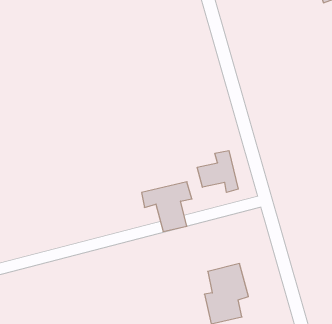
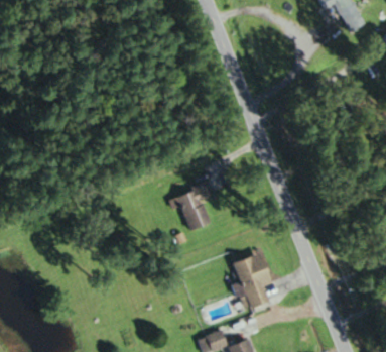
building: [197,151,238,192] -> none

